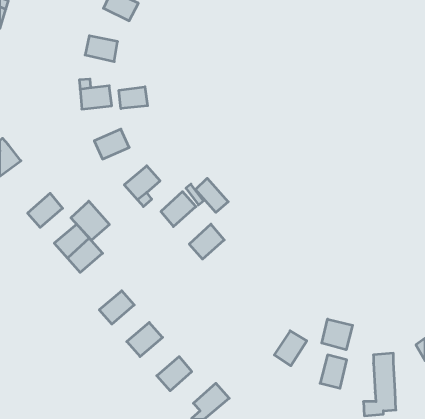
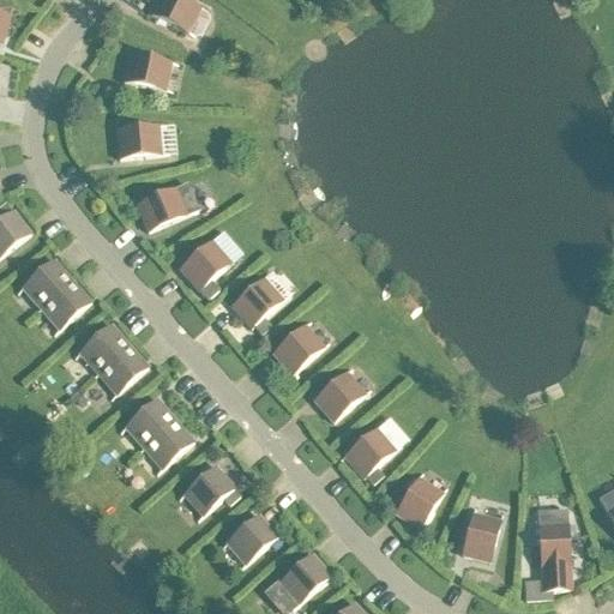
building: [119,87,148,109] -> none
building: [196,178,228,212] -> none
building: none -> [22,258,72,307]
building: [71,201,109,240] -> none
building: none -> [313,371,365,420]
building: none -> [124,397,175,446]
building: none -> [343,427,395,476]
building: [322,319,353,350] -> none

